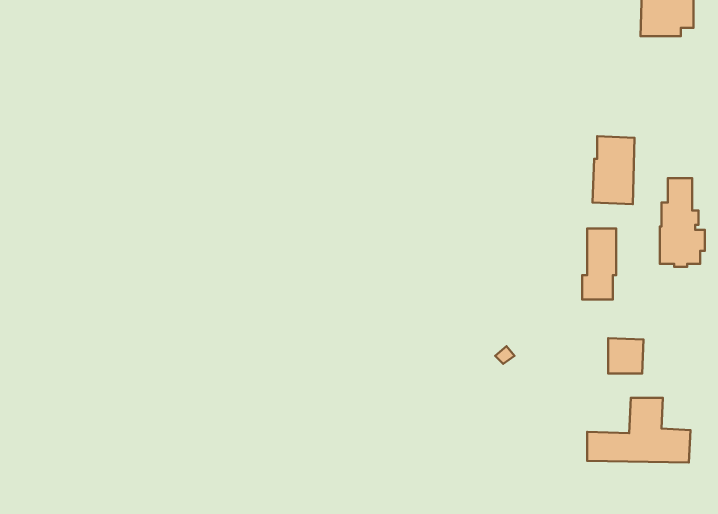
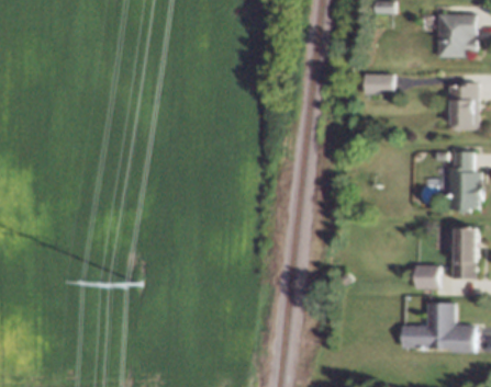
building: none -> [364,70,392,91]
building: [592,136,634,204] -> [447,81,476,127]
building: [582,228,616,300] -> [453,231,476,280]

